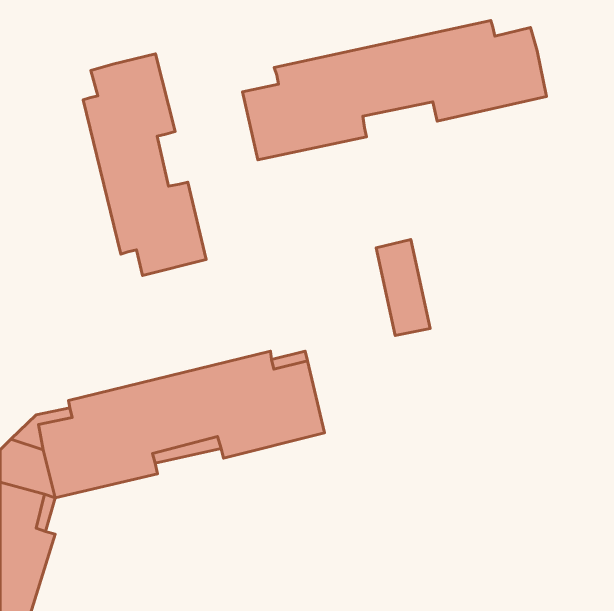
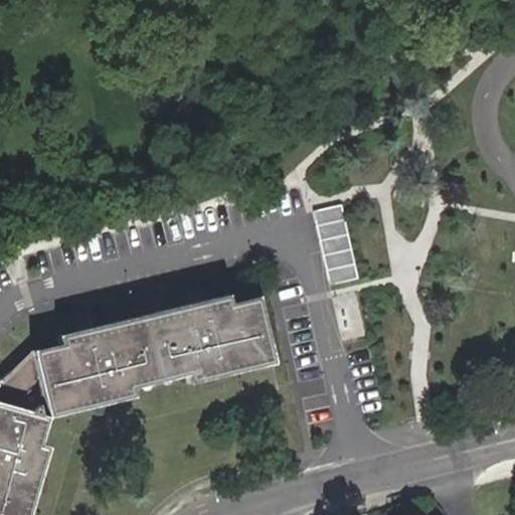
building: [242,21,547,160] -> none
building: [83,54,206,276] -> none

